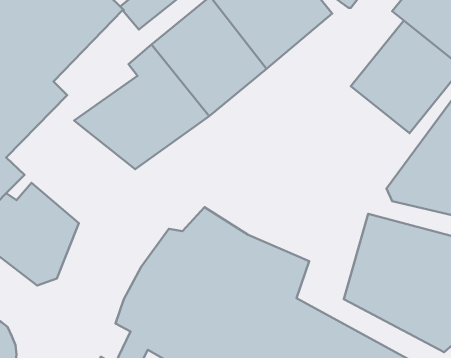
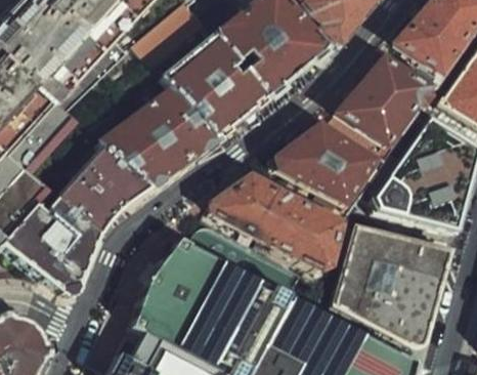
building: none -> [272,111,392,205]
building: none -> [56,145,148,233]
building: none -> [192,170,346,276]

